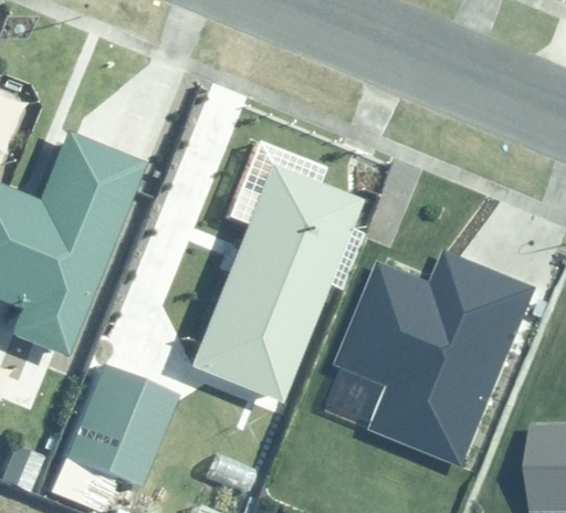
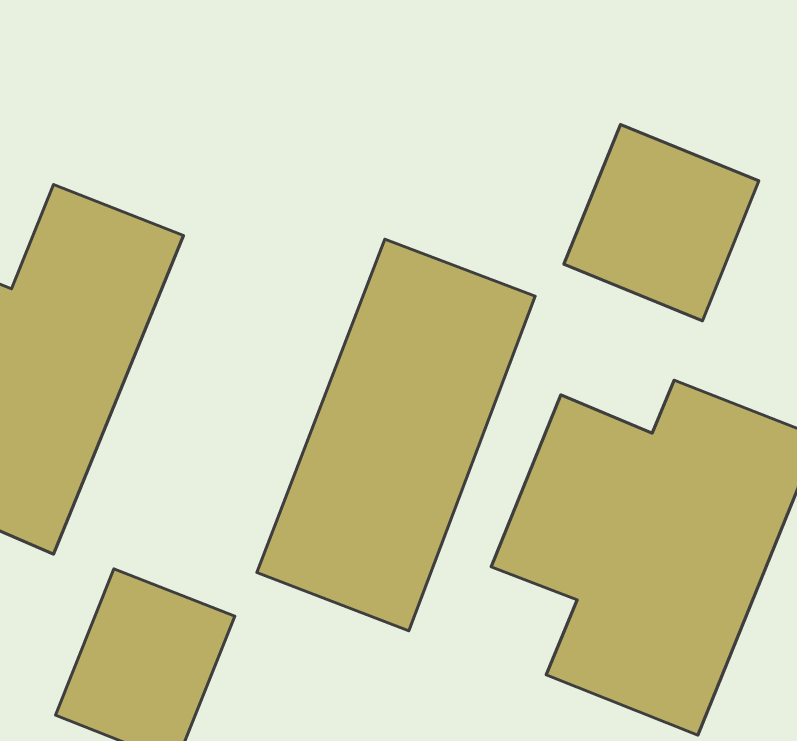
building: none -> [564,124,759,321]

